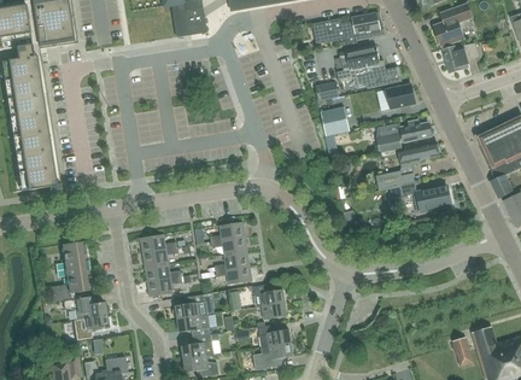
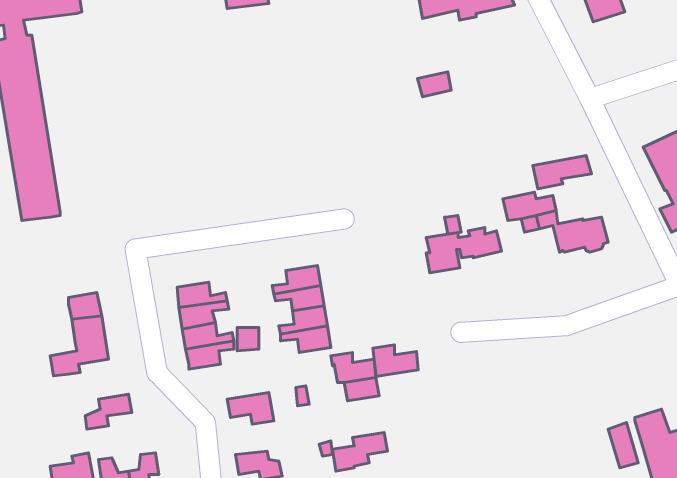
building: [441,42,478,71] -> none
building: [336,43,402,87] -> none
building: [386,83,416,107] -> none
building: [321,106,350,135] -> none
building: [377,118,432,151] -> [426,228,501,273]
building: [172,293,207,317] -> none
building: [63,296,110,317] -> none
building: [258,323,291,346] -> [373,345,418,377]
building: [182,333,213,357] -> none

